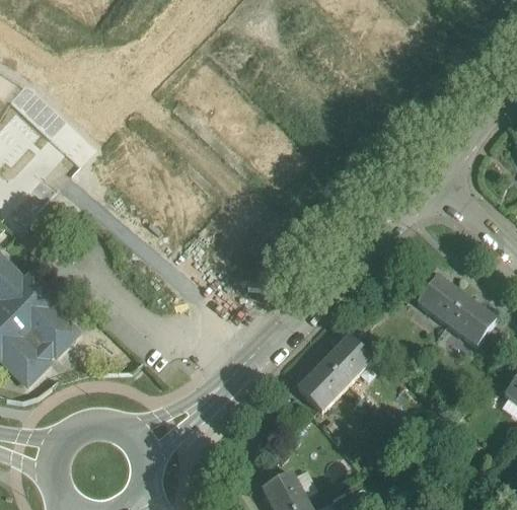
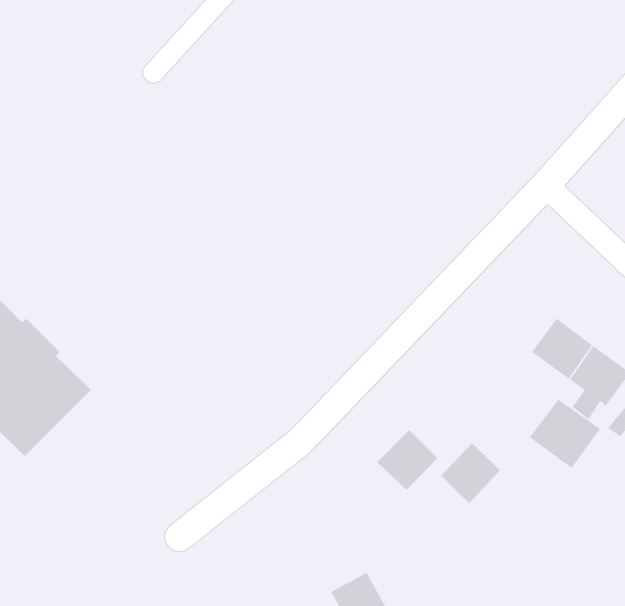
building: [323,336,370,383] -> [440,443,501,504]
building: none -> [529,399,601,469]

